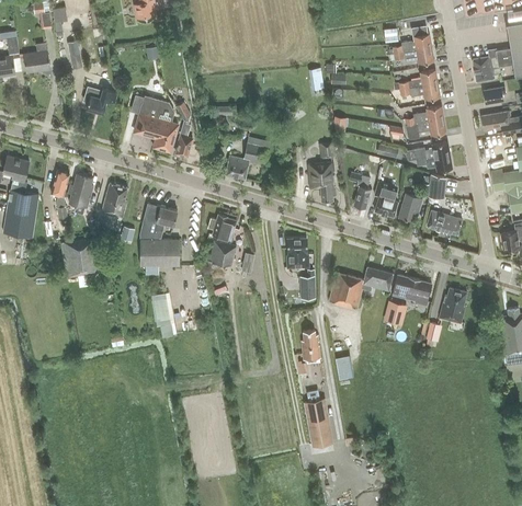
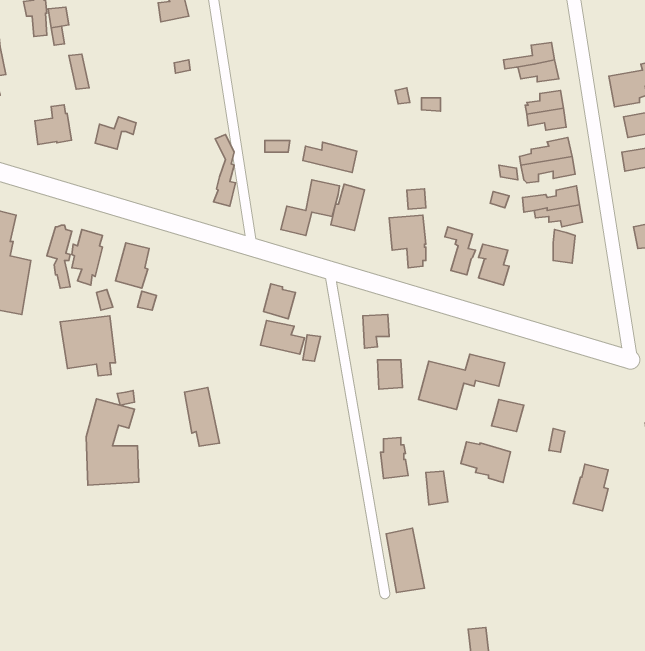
building: [23,43,50,72] -> [35,105,72,144]
building: [134,96,178,151] -> none
building: none -> [303,142,357,173]
building: none -> [331,184,365,230]
building: [398,194,422,222] -> none
building: [140,204,180,268] -> [86,399,139,485]
building: [427,207,462,234] -> none
building: [394,276,431,307] -> [461,442,511,483]
building: [440,288,466,323] -> [573,464,608,511]

